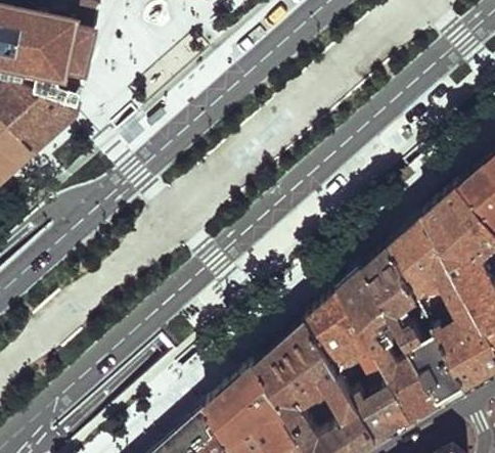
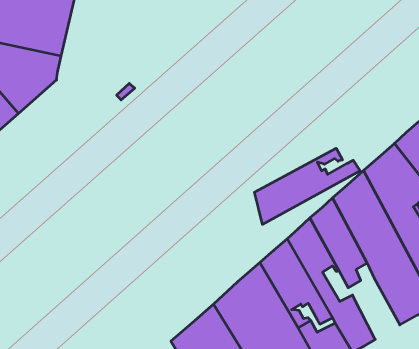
building: none -> [254,148,360,224]
building: [408,338,463,407] -> none

